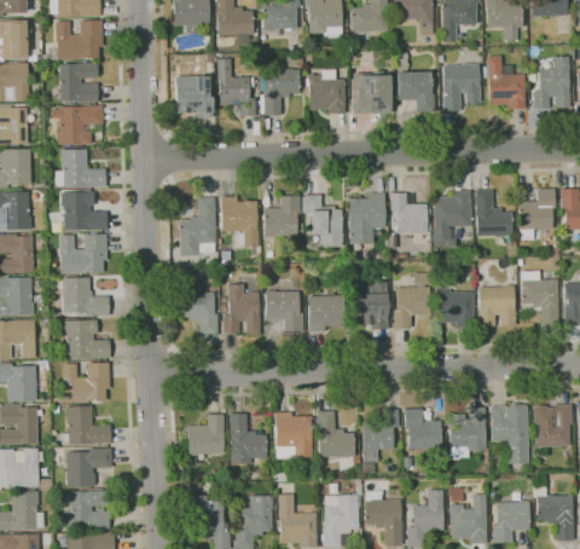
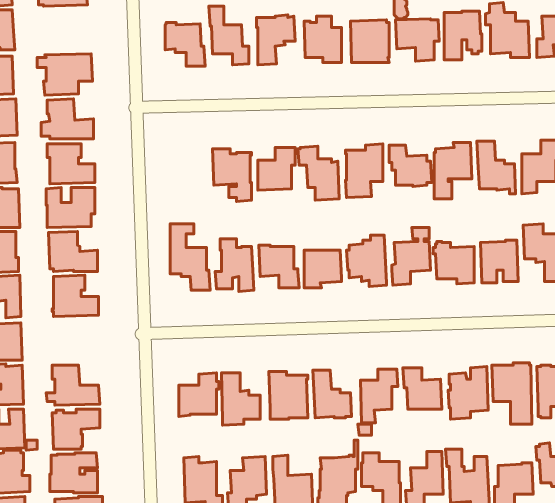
building: [59,62,98,102] -> none
building: [178,197,215,255] -> none
building: [63,363,110,401] -> none

